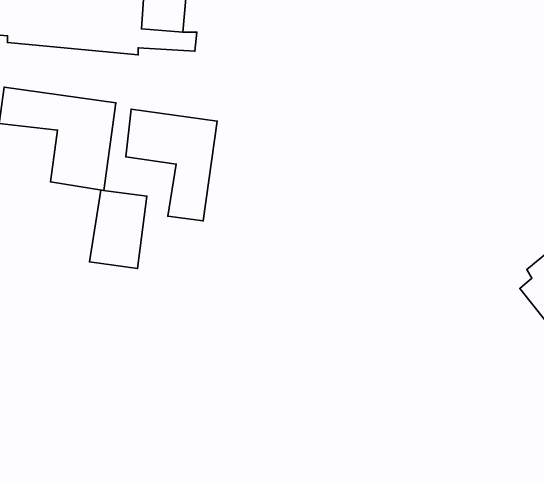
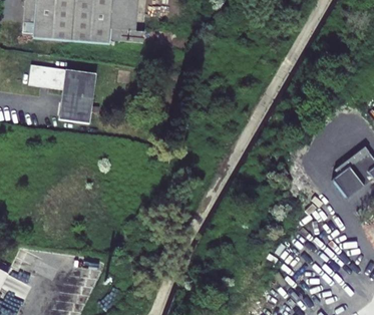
building: [126,109,217,221] -> none
building: [90,190,147,269] -> none

